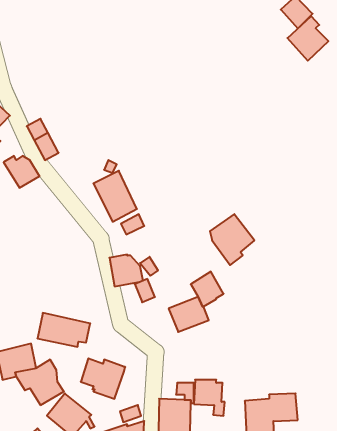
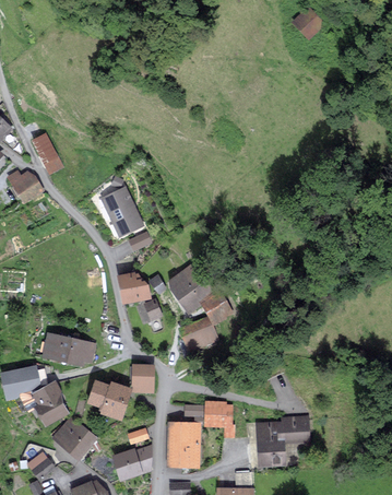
building: [287,16,328,61] -> none
building: [210,214,254,265] -> [167,262,213,315]
building: none -> [131,364,154,393]

